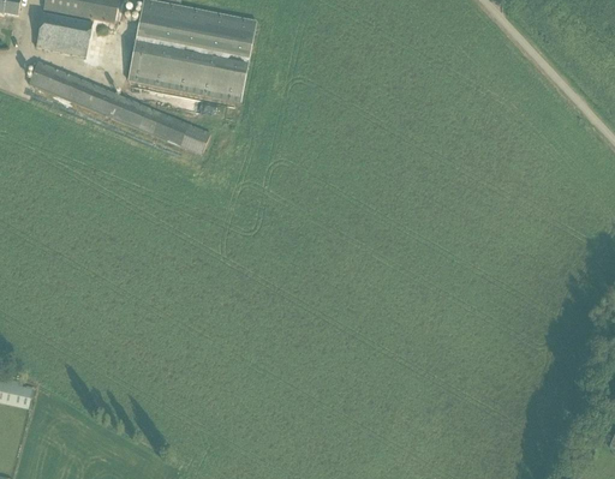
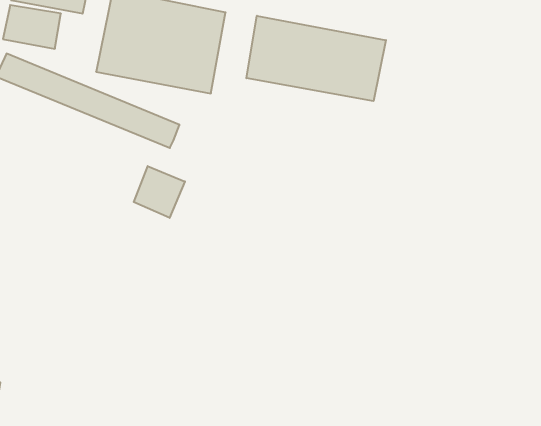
building: none -> [246,16,386,101]
building: none -> [134,166,185,218]

